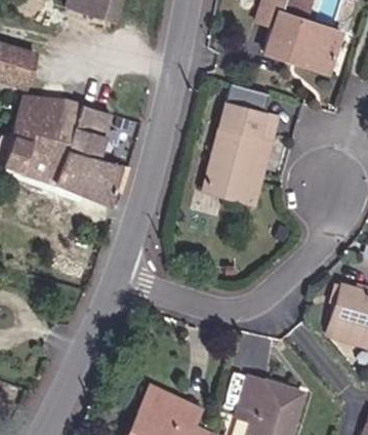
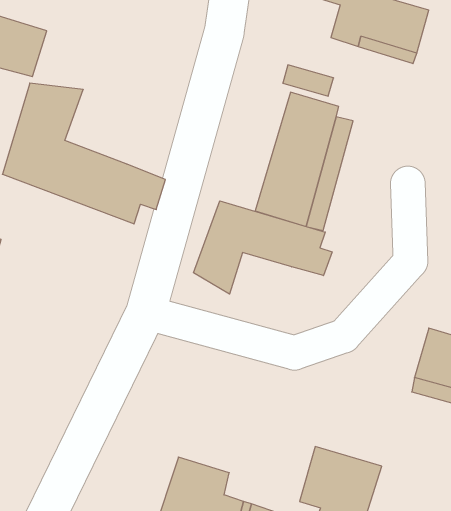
building: [54,98,118,157] -> none
building: none -> [193,201,332,294]

